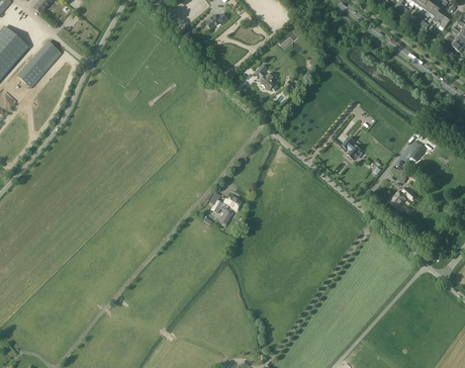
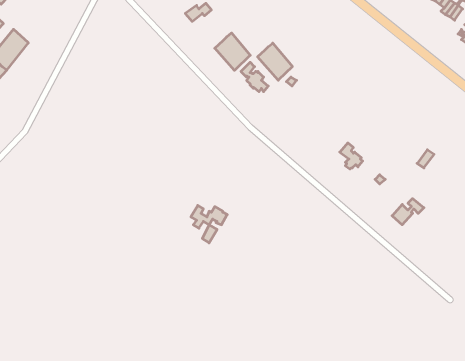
building: none -> [215,33,250,70]
building: none -> [258,43,292,80]

